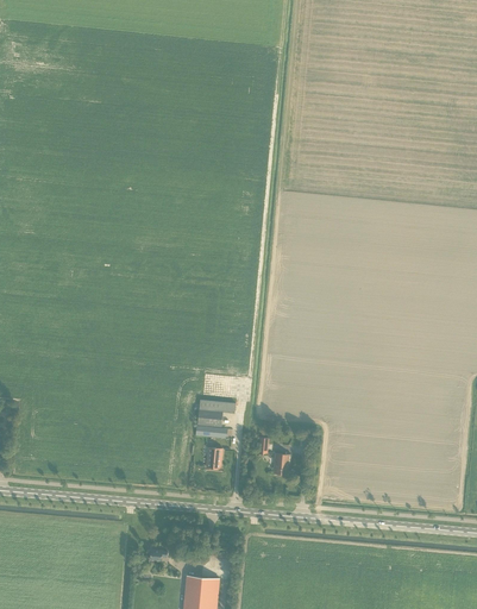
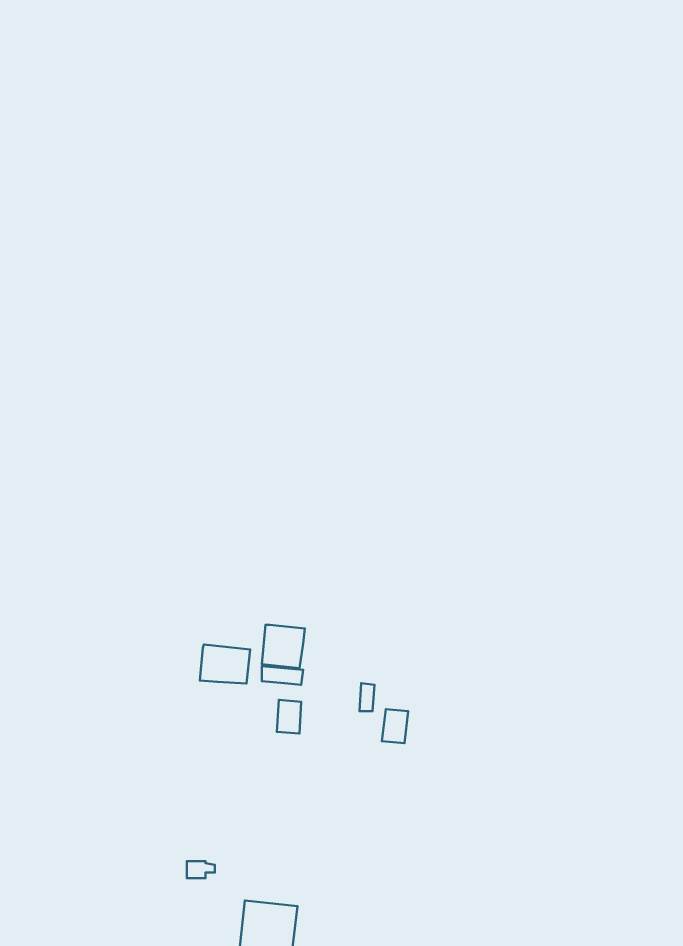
building: none -> [200,645,250,684]

